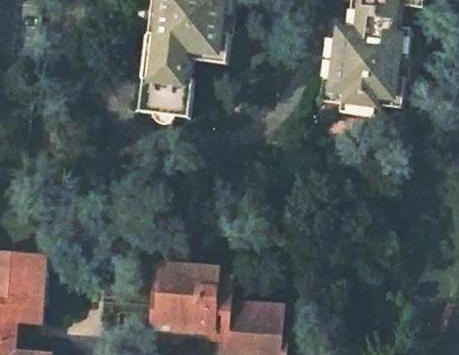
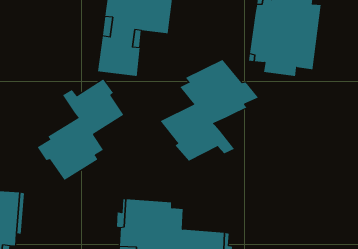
building: none -> [160,59,259,162]
building: none -> [37,79,124,181]

